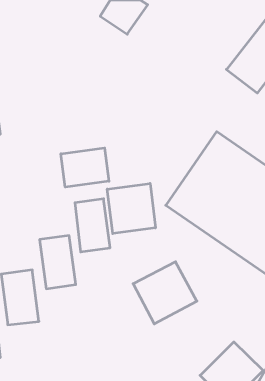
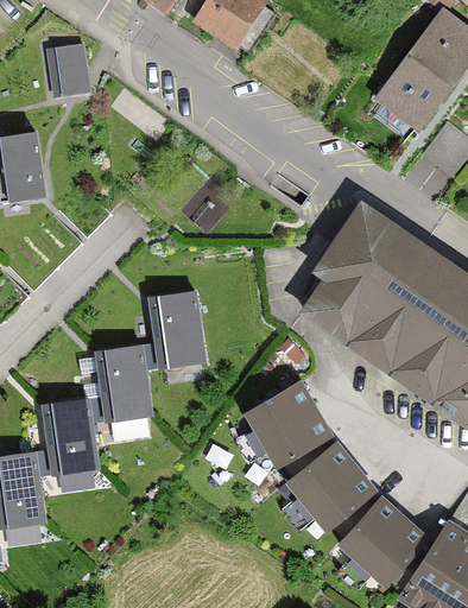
building: none -> [56,45,93,97]
building: [61,148,109,187] -> none
building: [107,183,155,234] -> none
building: none -> [280,443,375,537]

